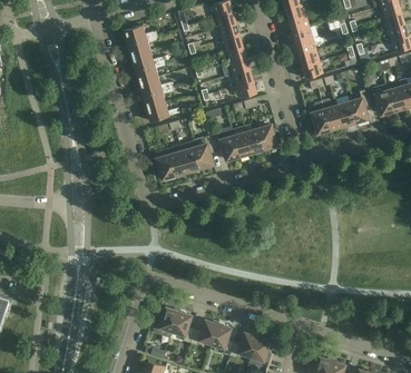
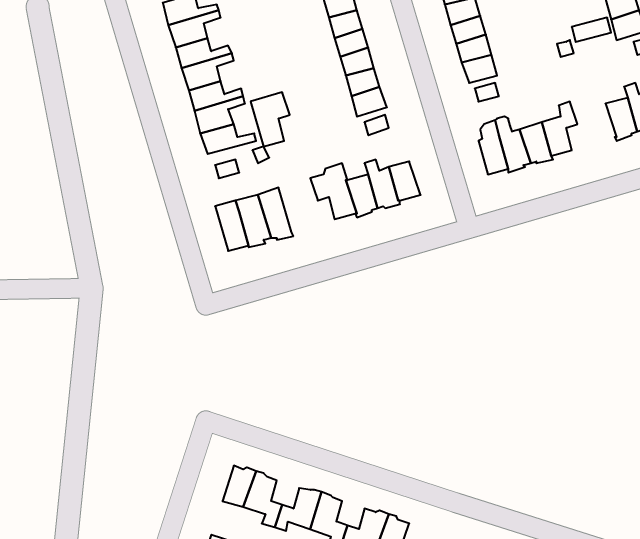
building: [366,85,394,115] -> none
building: [193,136,216,168] -> [251,92,290,146]

